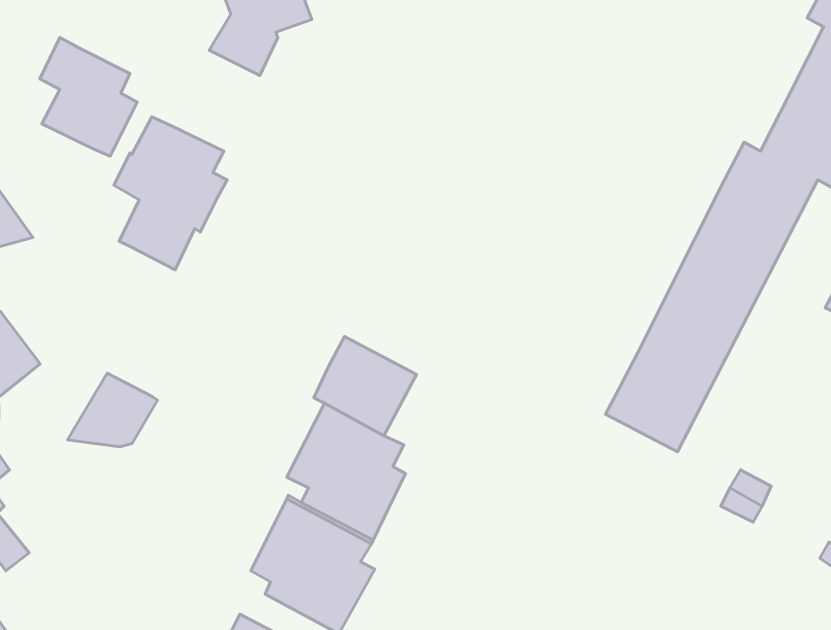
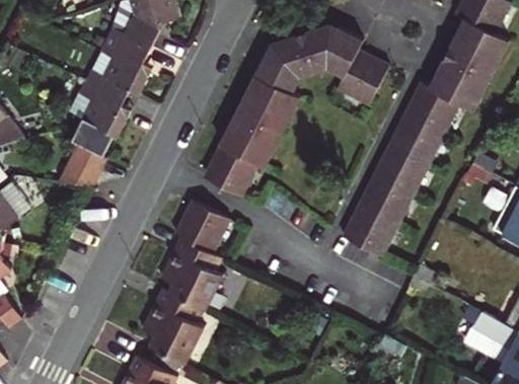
building: none -> [205,24,389,195]
building: [40,37,137,156] -> [96,26,151,93]
building: [67,373,157,447] -> [52,143,102,184]

